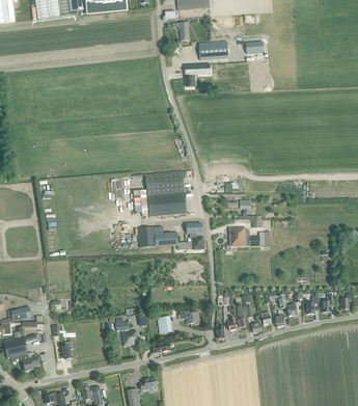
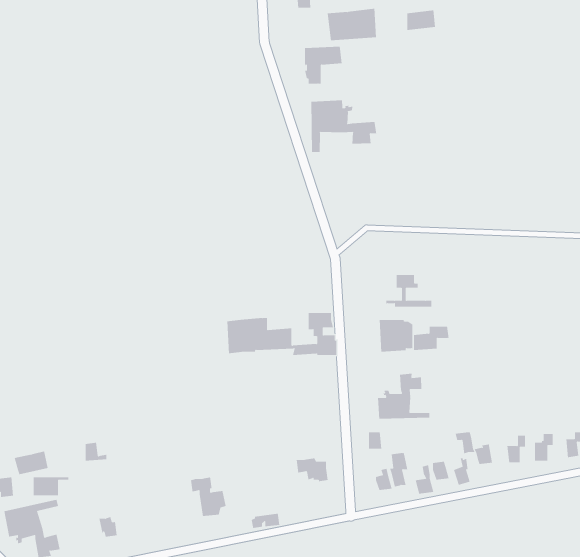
building: none -> [311,100,377,153]
building: [145,170,187,216] -> none
building: none -> [378,373,430,420]

